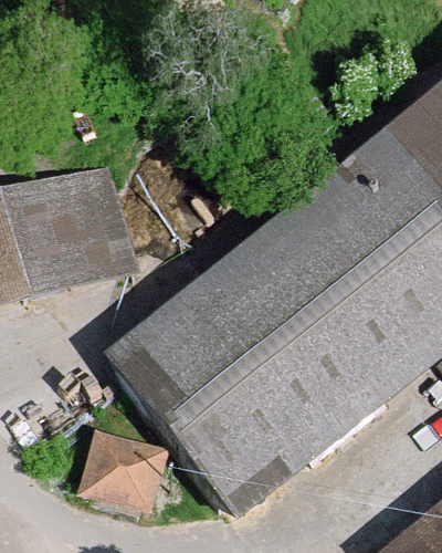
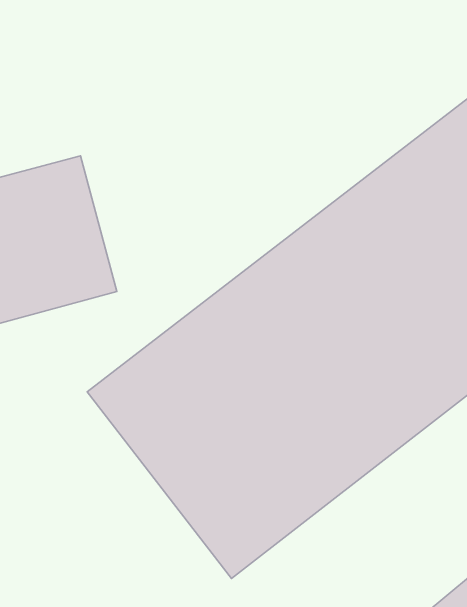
building: [77,435,160,511] -> none

